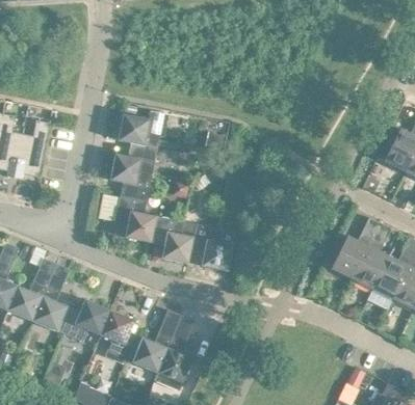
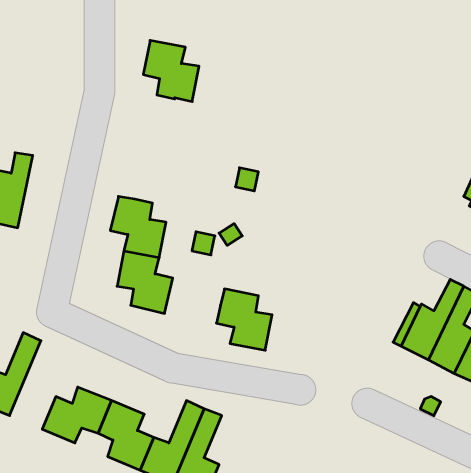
building: [118,114,160,161] -> [143,40,199,102]
building: [151,216,193,263] -> none
building: [32,264,69,331] -> none

